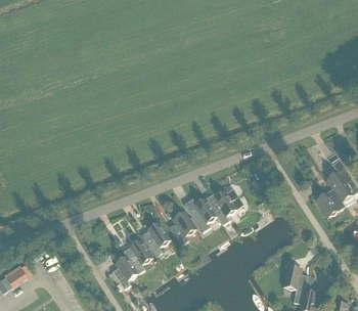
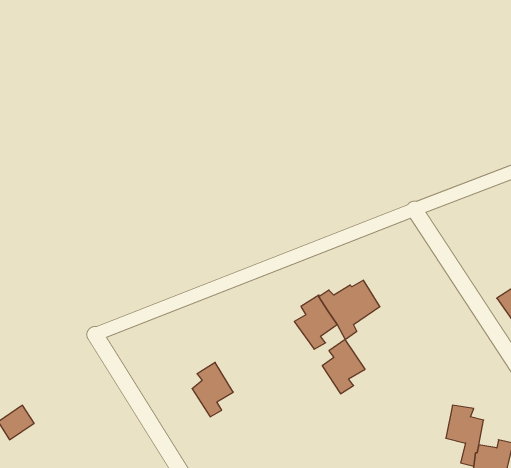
building: [168,211,194,245] -> [322,339,365,394]
building: [142,222,169,256] -> none
building: [110,256,136,288] -> none

